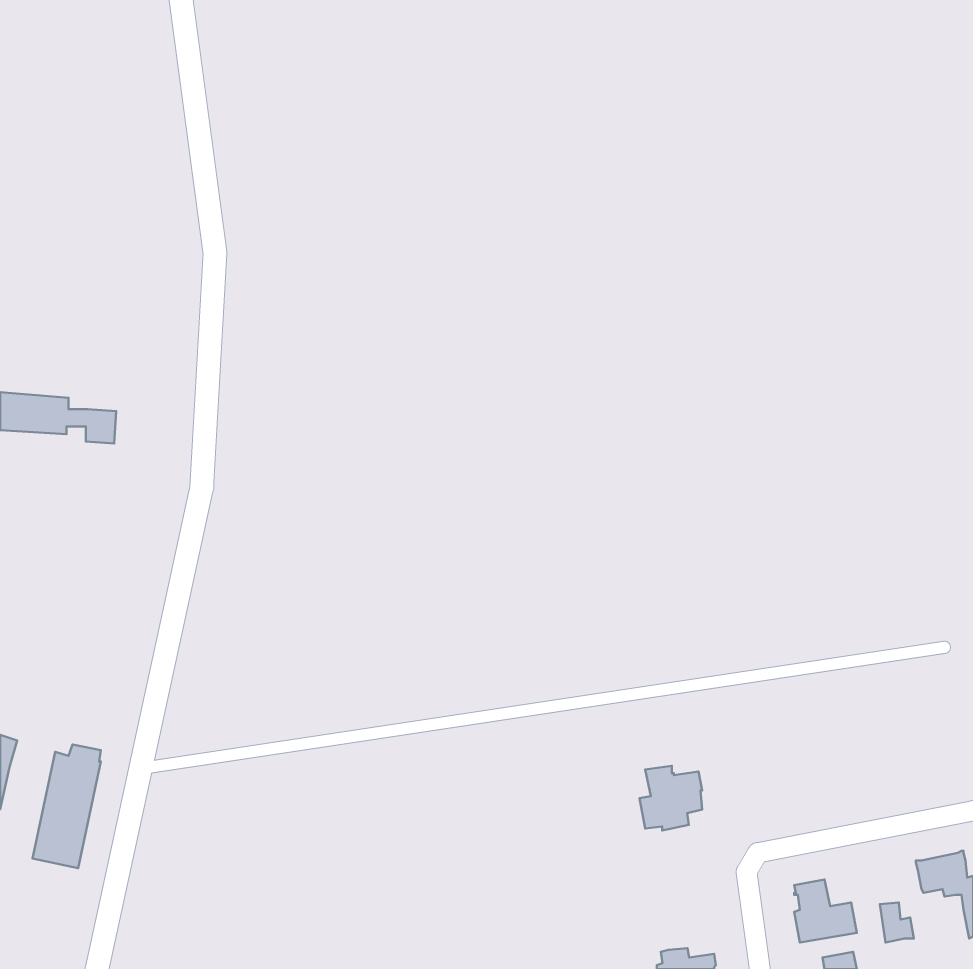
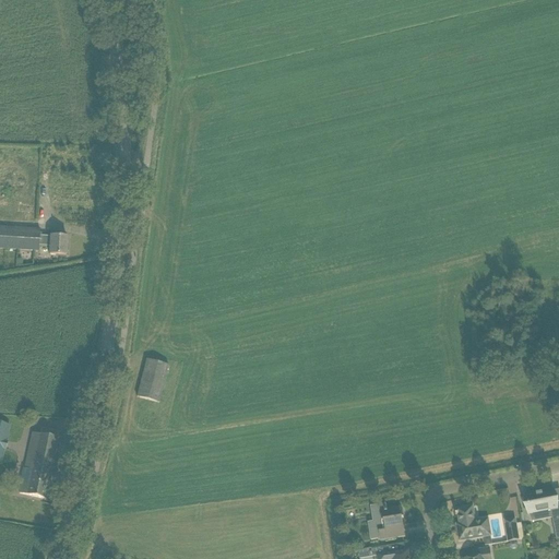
building: none -> [136,358,168,401]
building: [639,766,702,830] -> [367,502,403,539]

